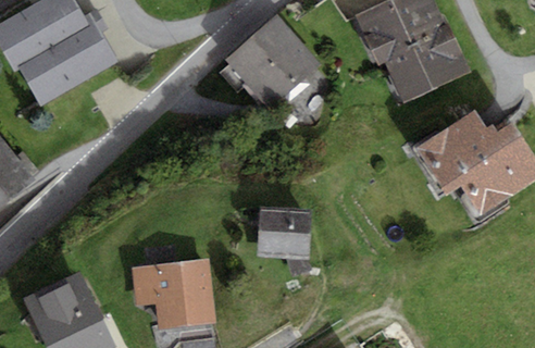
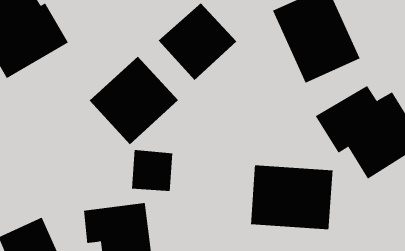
building: none -> [89,56,179,145]
building: [261,209,312,260] -> [131,150,173,191]
building: none -> [251,164,333,230]

